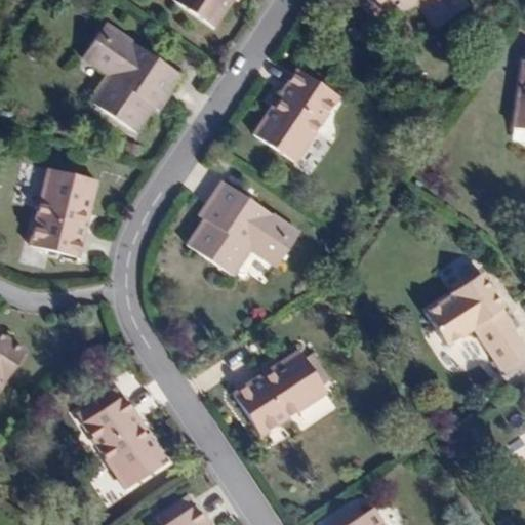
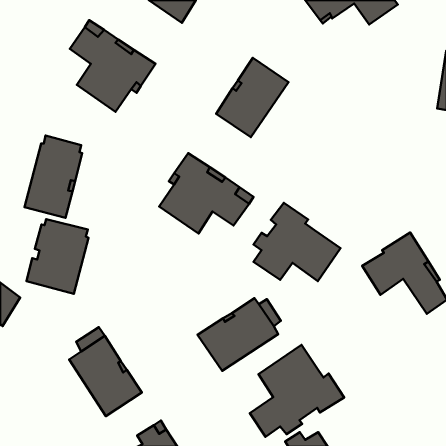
building: none -> [253,203,341,281]
building: none -> [26,219,88,294]
building: none -> [250,345,344,437]

